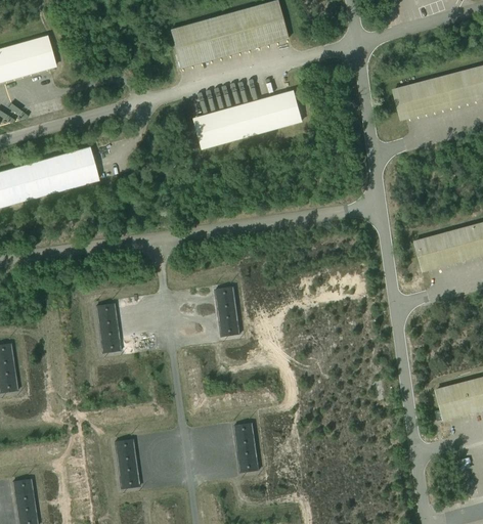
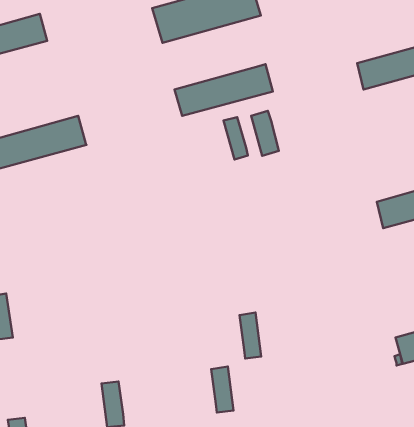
building: none -> [251,111,279,156]
building: none -> [224,117,248,160]
building: [215,286,238,336] -> [239,312,261,358]
building: [95,302,120,352] -> none

